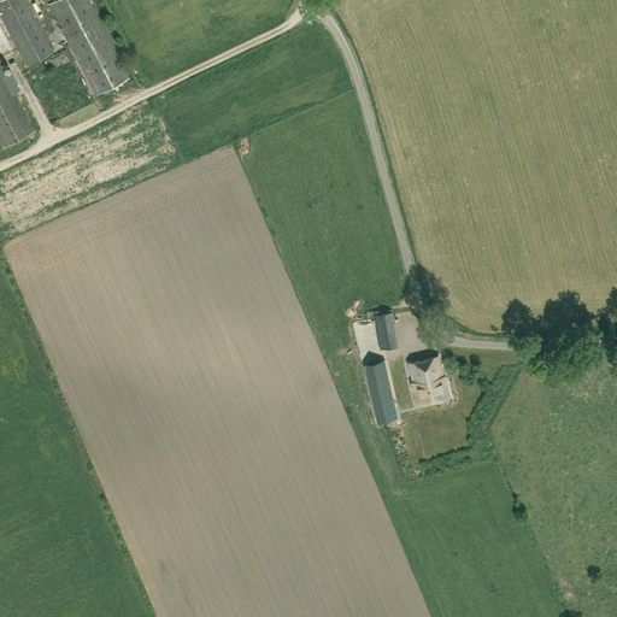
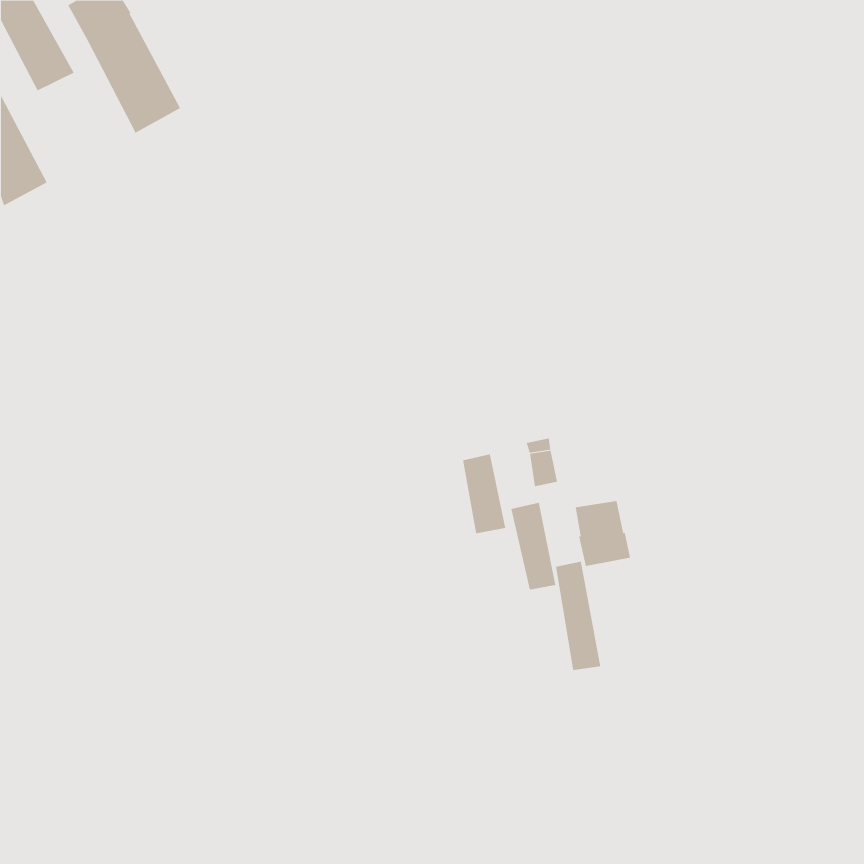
building: none -> [462,453,506,534]
building: none -> [555,561,601,671]

